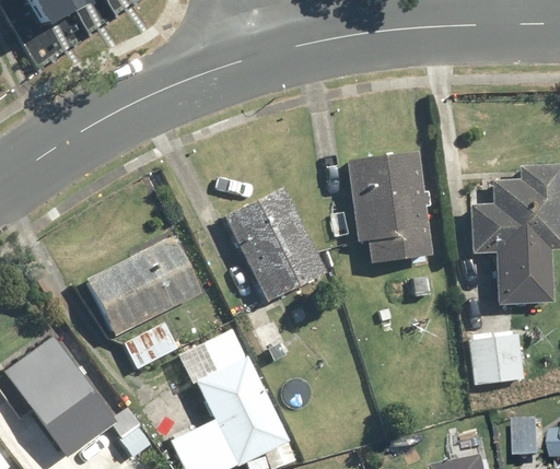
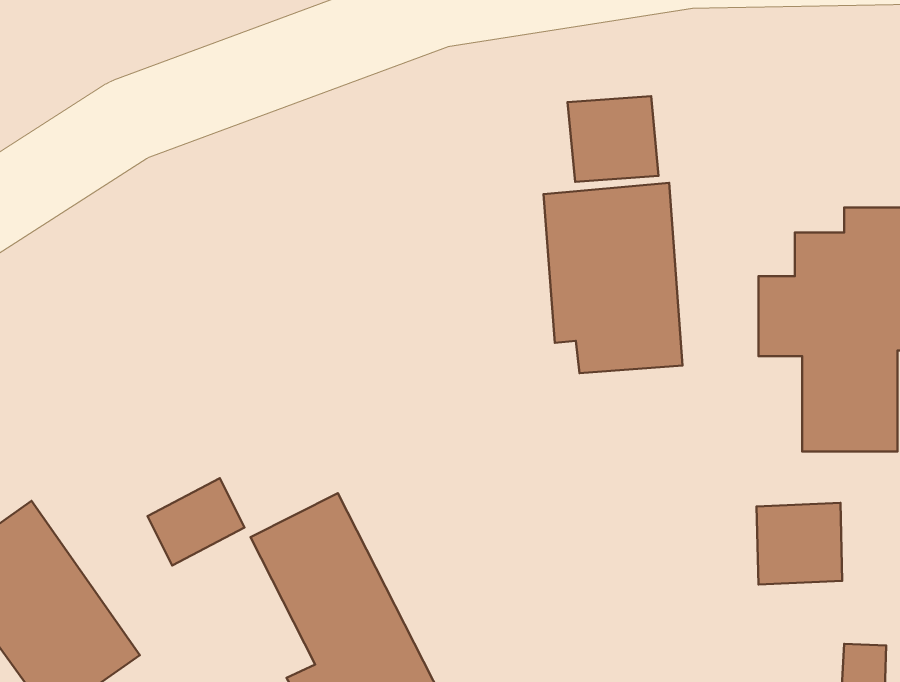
building: none -> [568,96,659,182]
building: [222,186,324,362] -> none
building: [86,238,202,336] -> none

